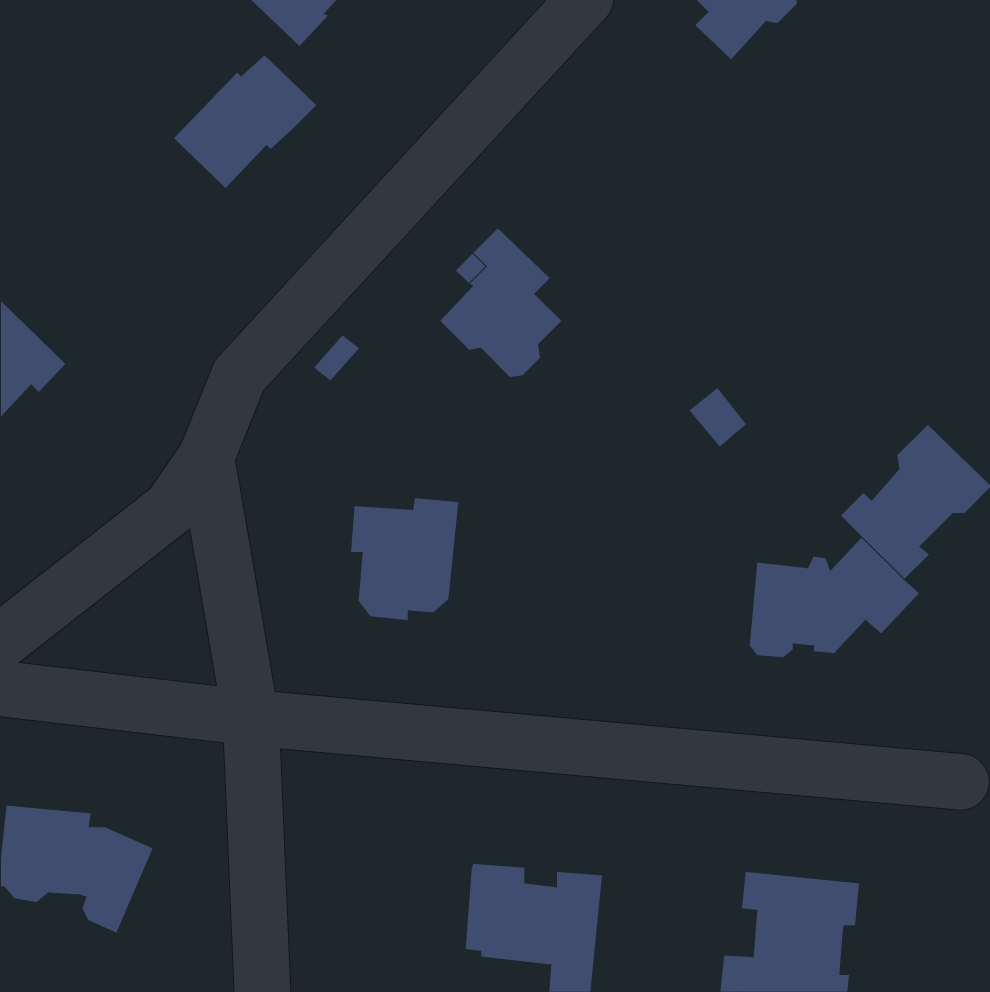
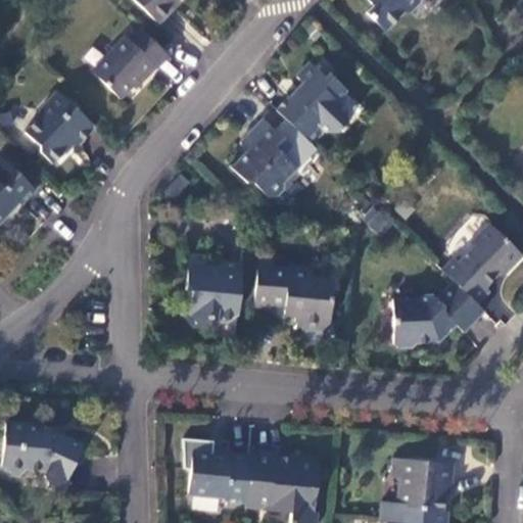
building: none -> [277,63,347,143]
building: none -> [25,92,95,164]
building: none -> [254,268,333,329]
building: none -> [183,438,249,503]

